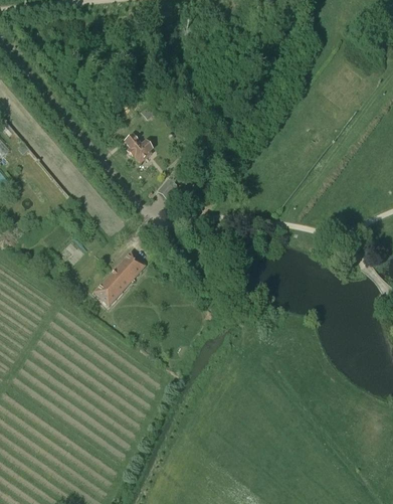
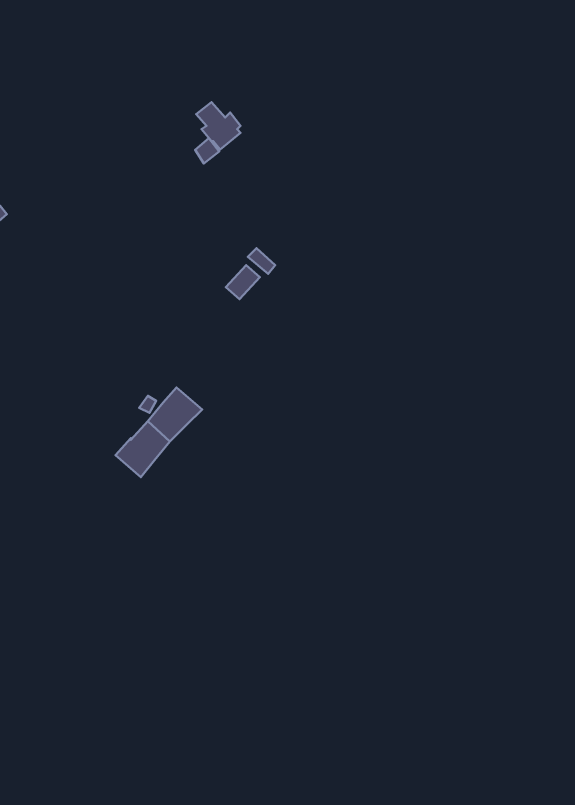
building: [126,134,152,162] -> [196,102,240,150]

